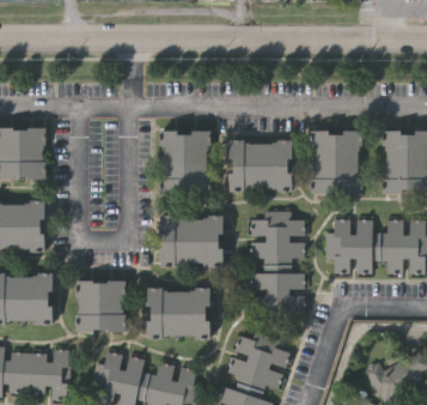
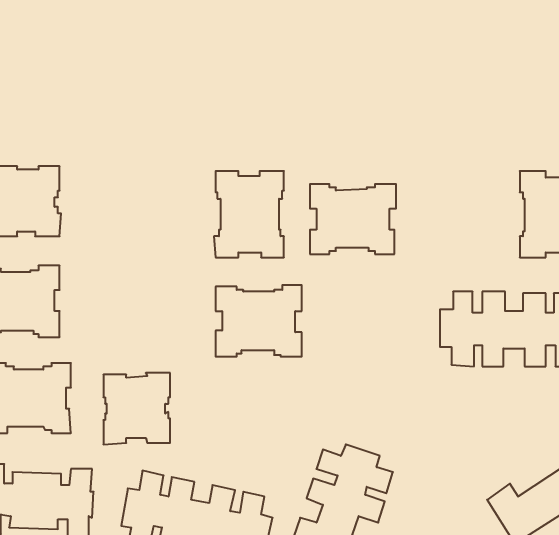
building: [311,129,362,194] -> none
building: [250,210,305,320] -> none
building: [148,285,212,337] -> none

